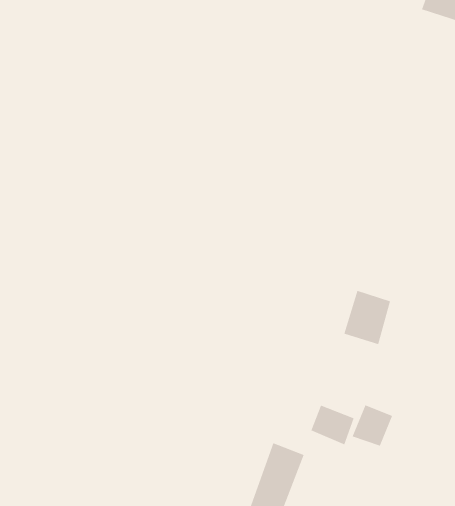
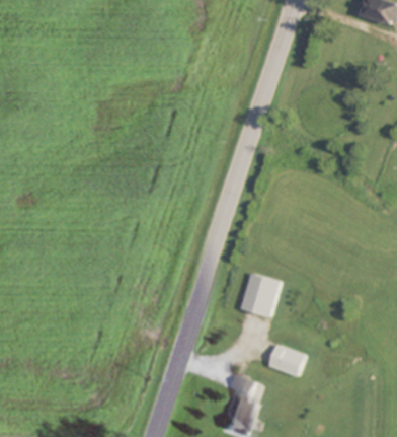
building: [344,290,391,345] -> [240,272,280,317]
building: [352,404,393,447] -> none

